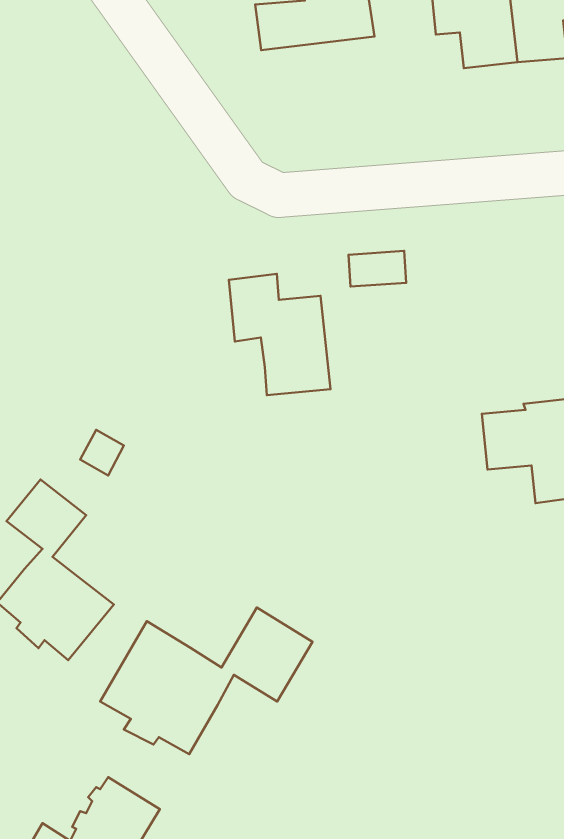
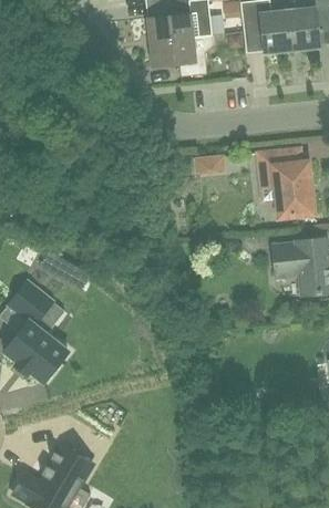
building: none -> [150,34,214,76]
building: [229,274,330,395] -> [257,148,313,216]
building: [100,608,312,754] -> none

